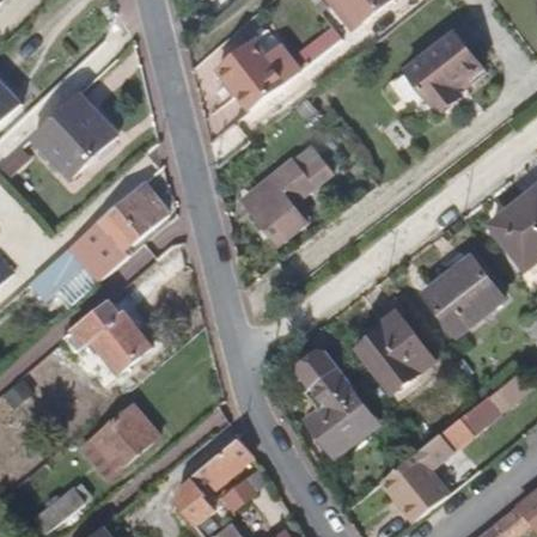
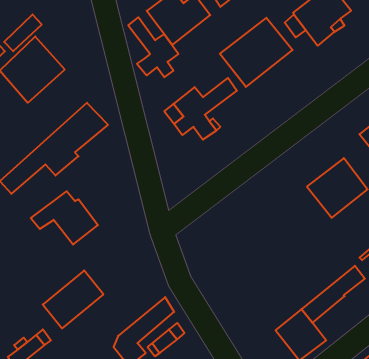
building: none -> [128,17,178,77]
building: none -> [220,18,293,87]
building: [358,312,435,395] -> none
building: [301,352,378,456] -> none

